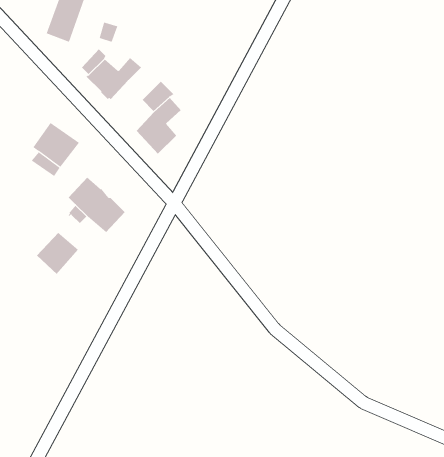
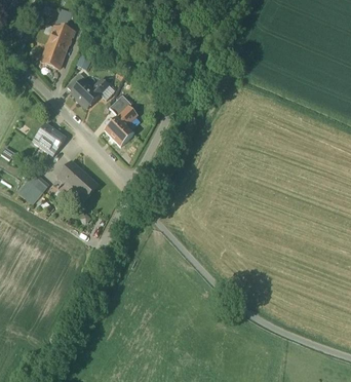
building: [36,232,79,275] -> [20,173,49,202]

